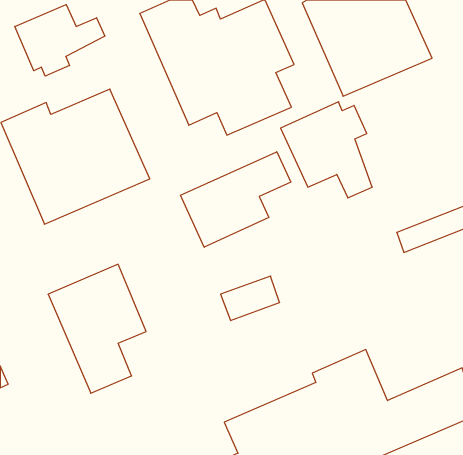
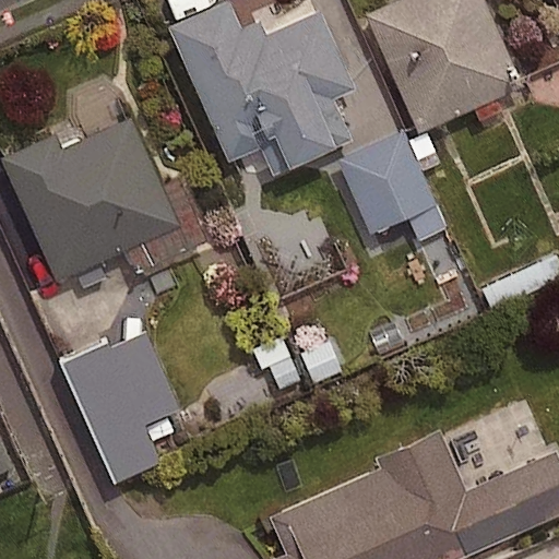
building: [15,5,105,76] -> none
building: [181,152,291,247] -> none

